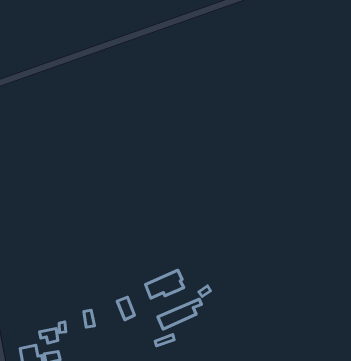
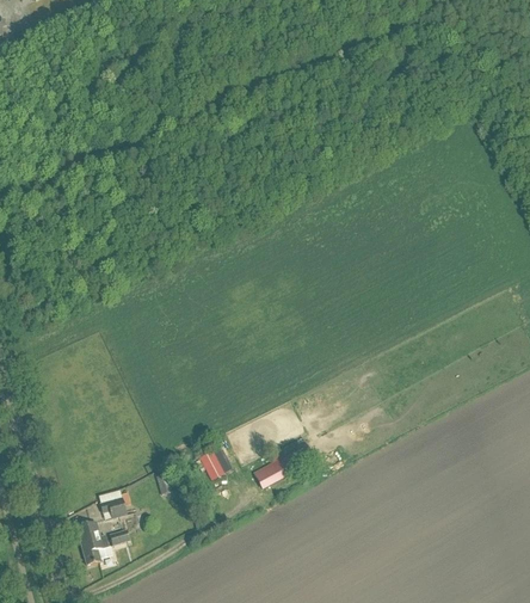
building: [146,270,184,298] -> none

